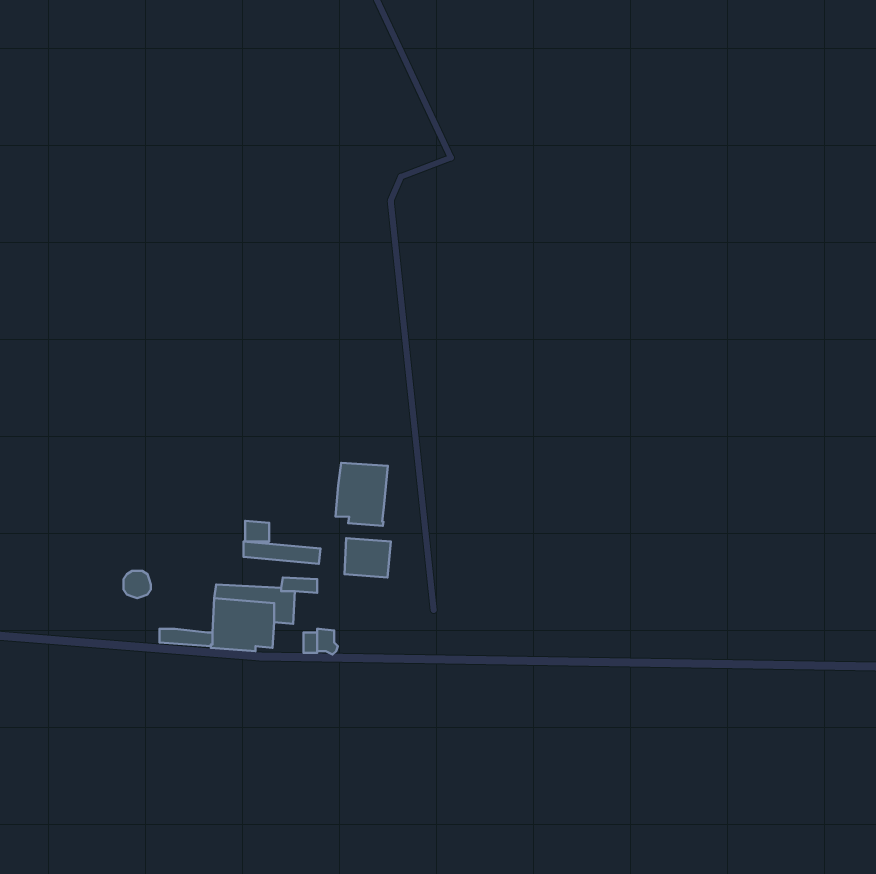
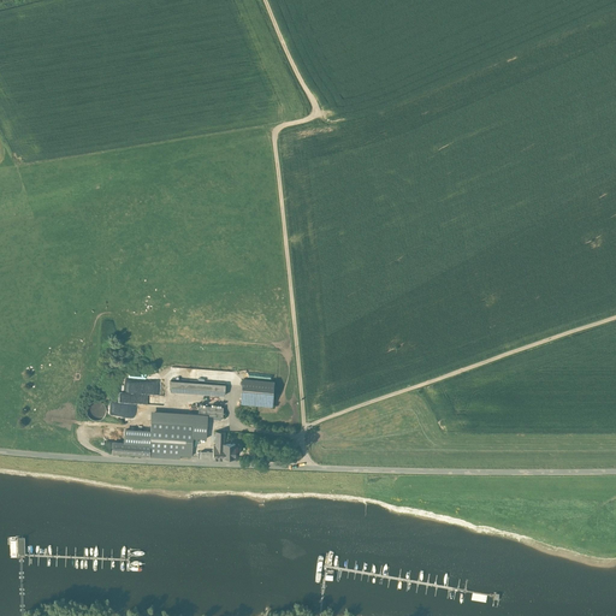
building: [336,463,388,526] -> none
building: none -> [120,378,164,403]

